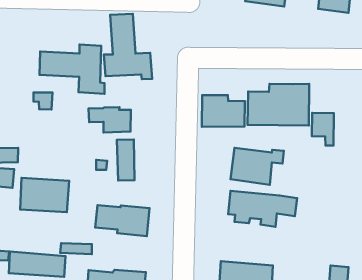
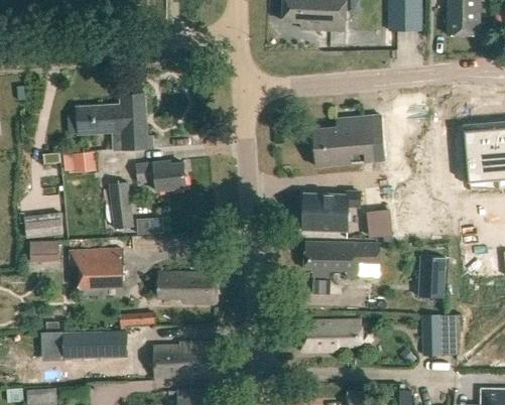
building: [104,14,152,79] -> none
building: [202,95,245,127] -> none
building: [312,113,334,146] -> [365,209,392,246]
building: [117,140,135,181] -> [109,180,133,228]
building: none -> [415,255,444,295]

